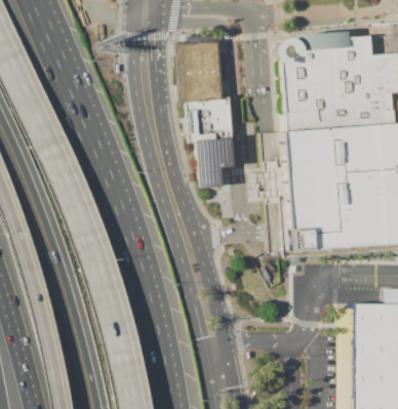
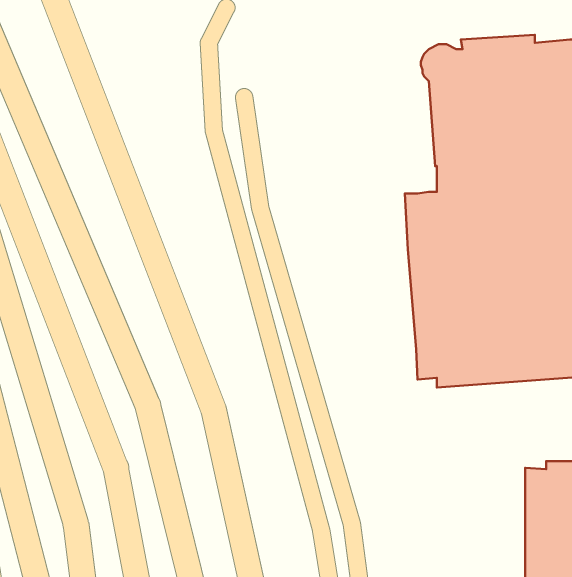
building: [182,34,238,189] -> none

